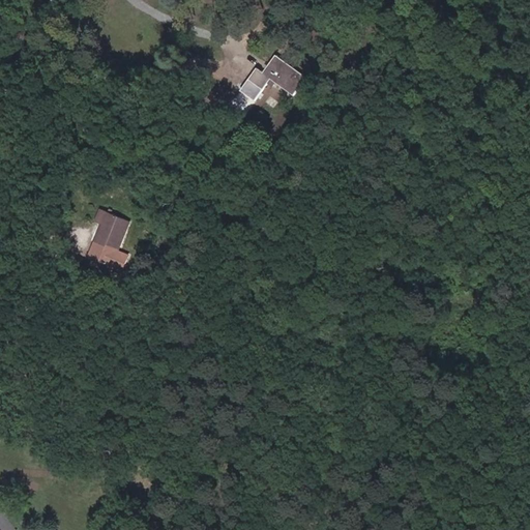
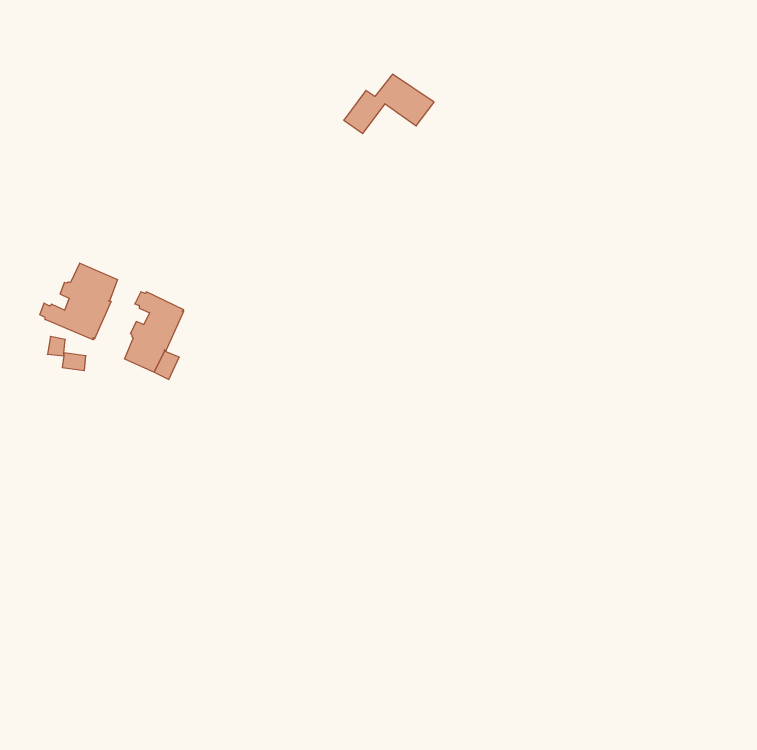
building: none -> [40,263,117,340]

